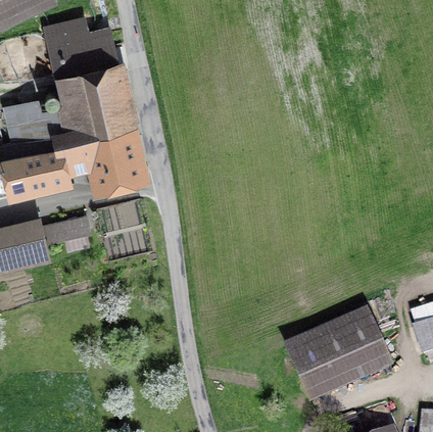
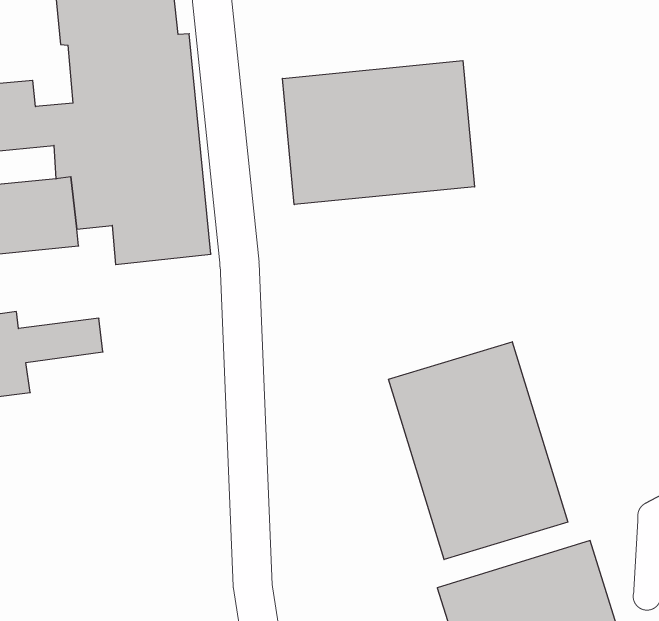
building: none -> [282,61,475,205]
building: none -> [388,342,568,560]

